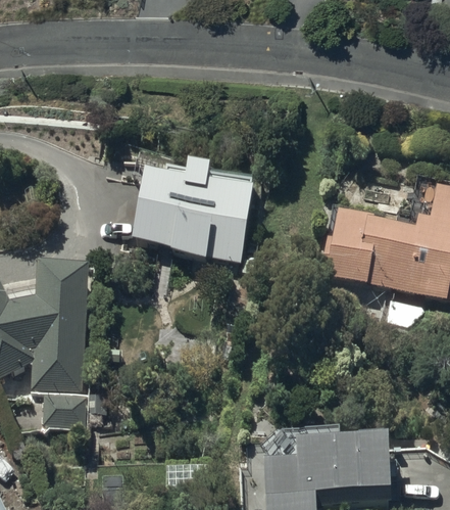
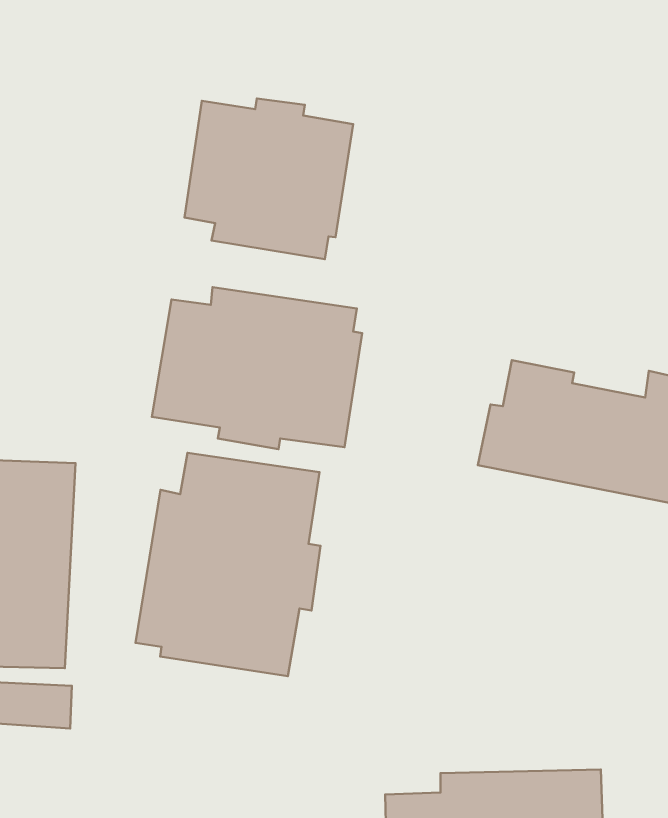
building: none -> [185,98,353,259]
building: none -> [135,453,320,676]

